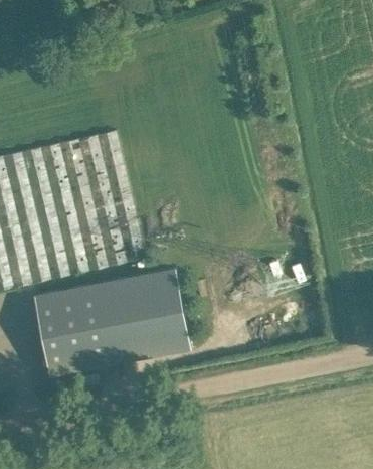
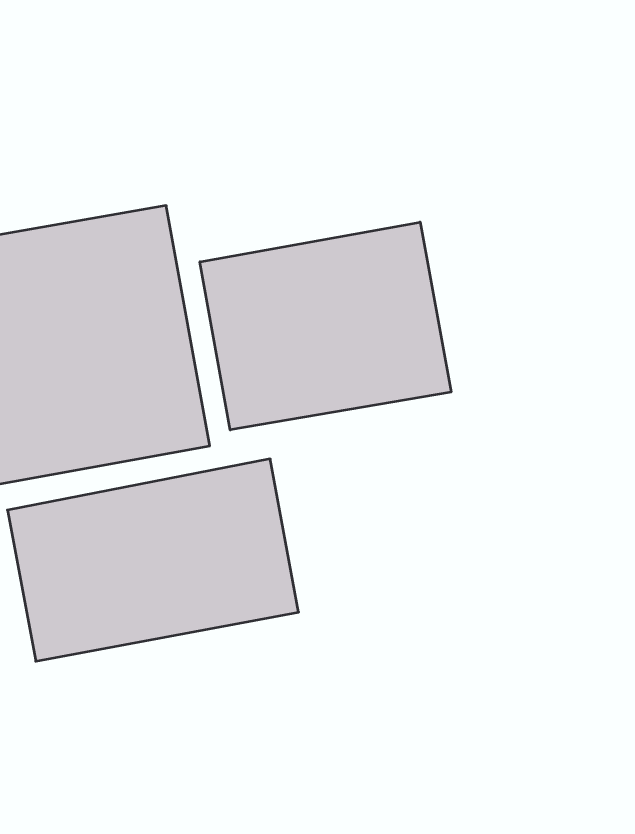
building: none -> [200,222,451,430]

